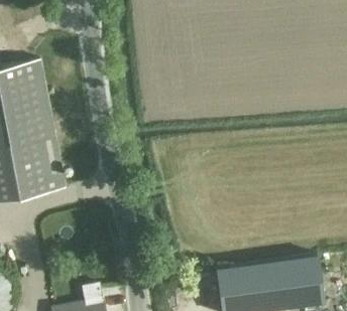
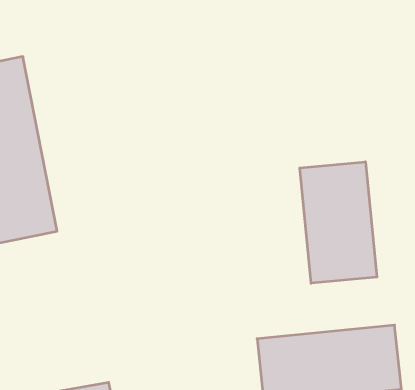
building: none -> [300,162,377,283]

